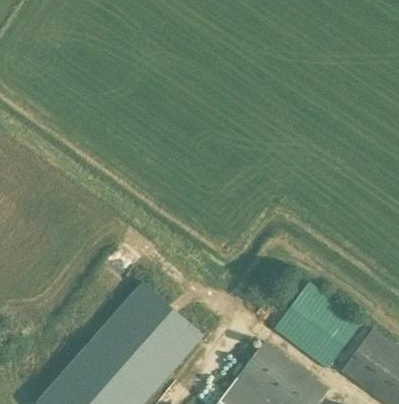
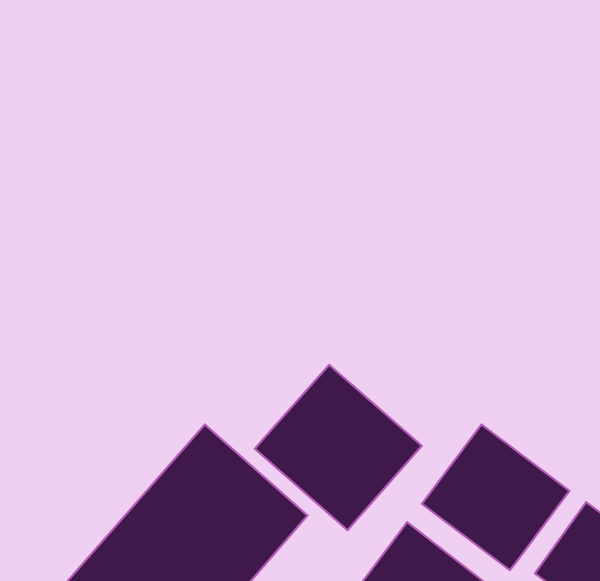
building: none -> [255,365,422,530]

